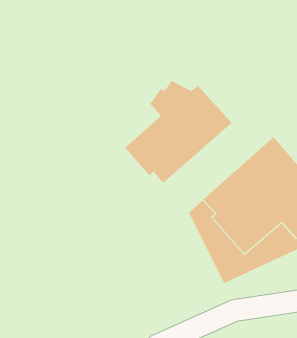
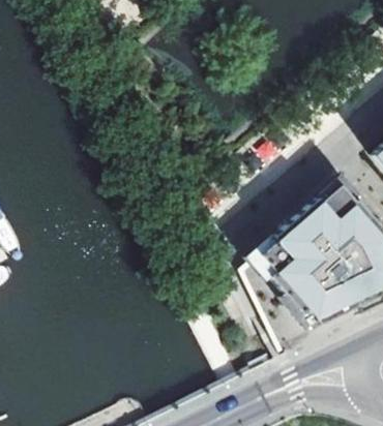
building: [125,80,233,184] -> none

